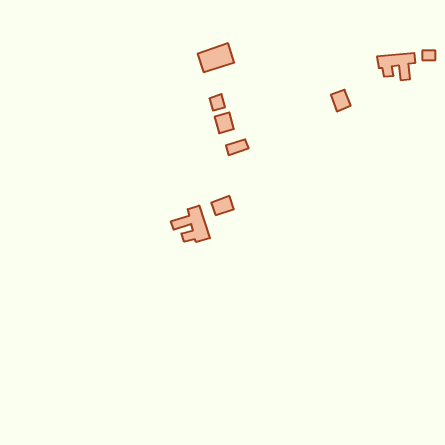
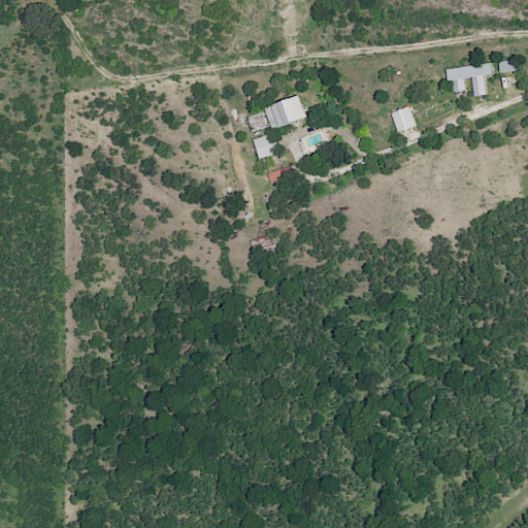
building: [198,43,234,72] -> [264,95,307,129]
building: [171,205,210,242] -> none

